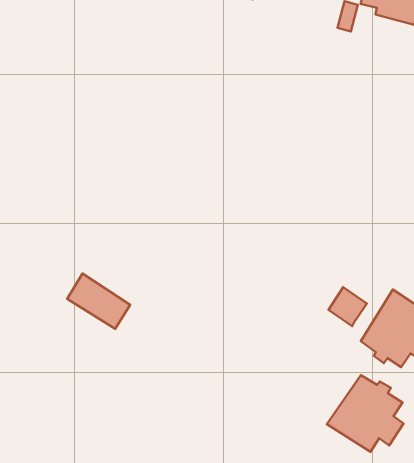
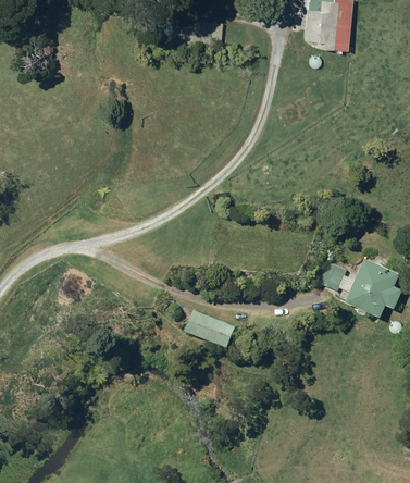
building: [67,274,130,329] -> [185,309,235,348]
building: [327,375,403,452] -> none

